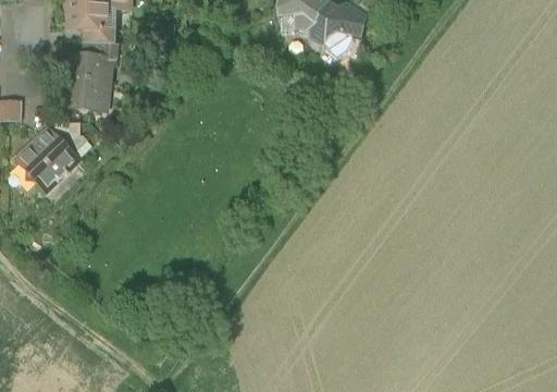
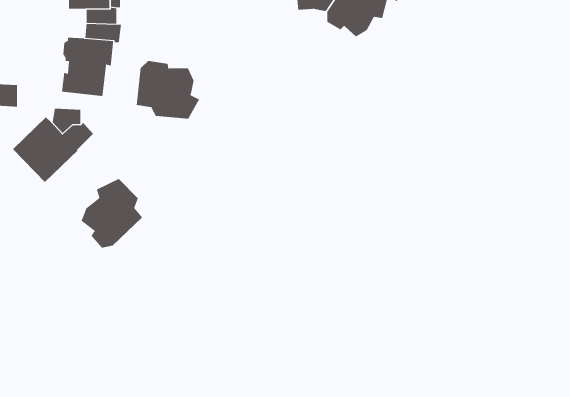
building: none -> [136,60,200,120]
building: none -> [81,178,143,249]

